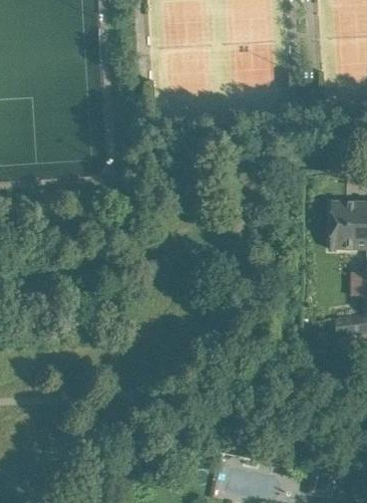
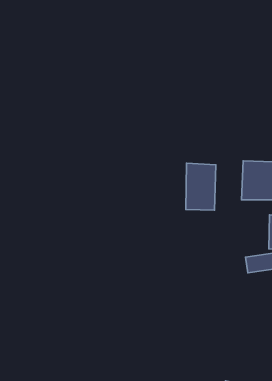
building: none -> [186,163,216,210]

